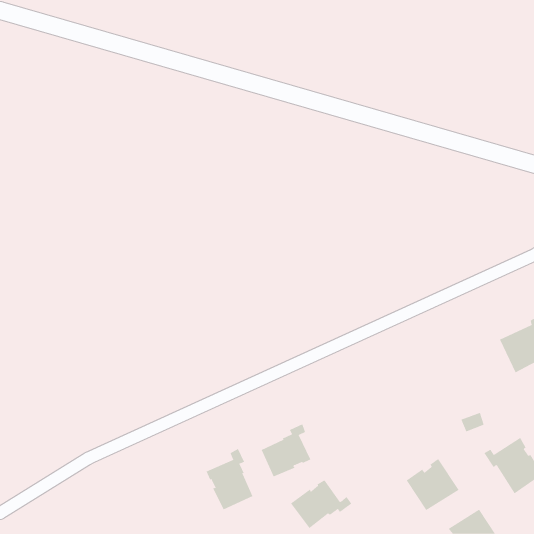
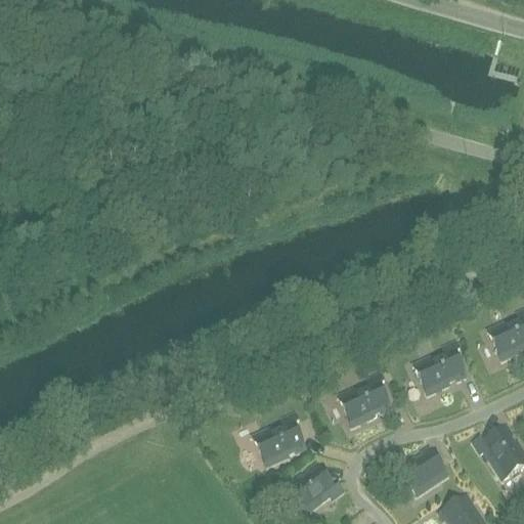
building: none -> [411,339,468,397]
building: none -> [336,370,392,429]
building: [206,448,253,510] -> none

